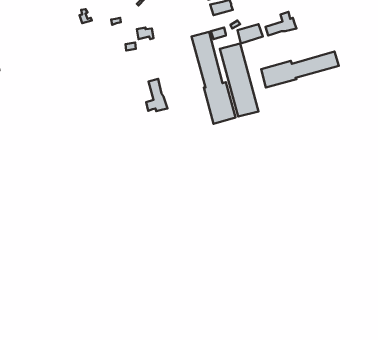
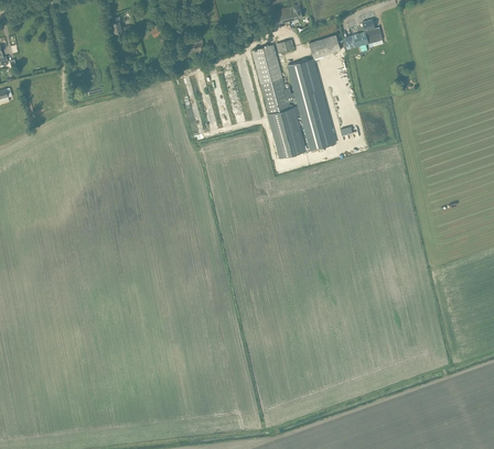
building: [261,51,339,88] -> none
building: [146,79,168,111] -> none

